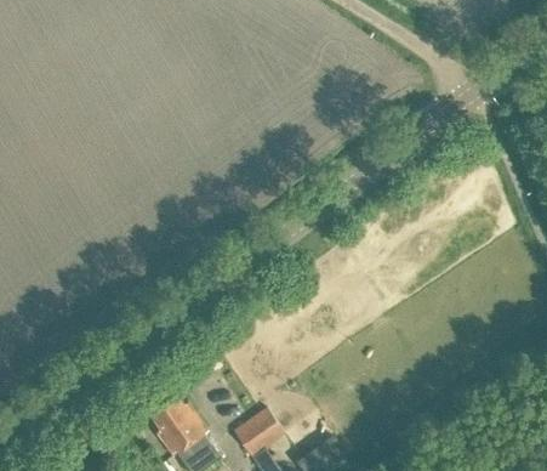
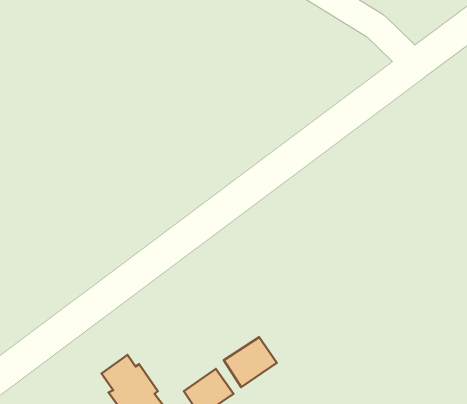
building: none -> [224,337,277,387]

